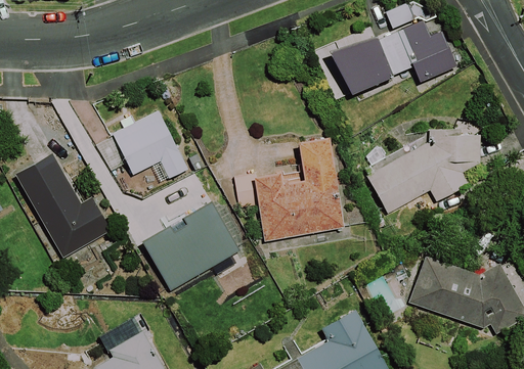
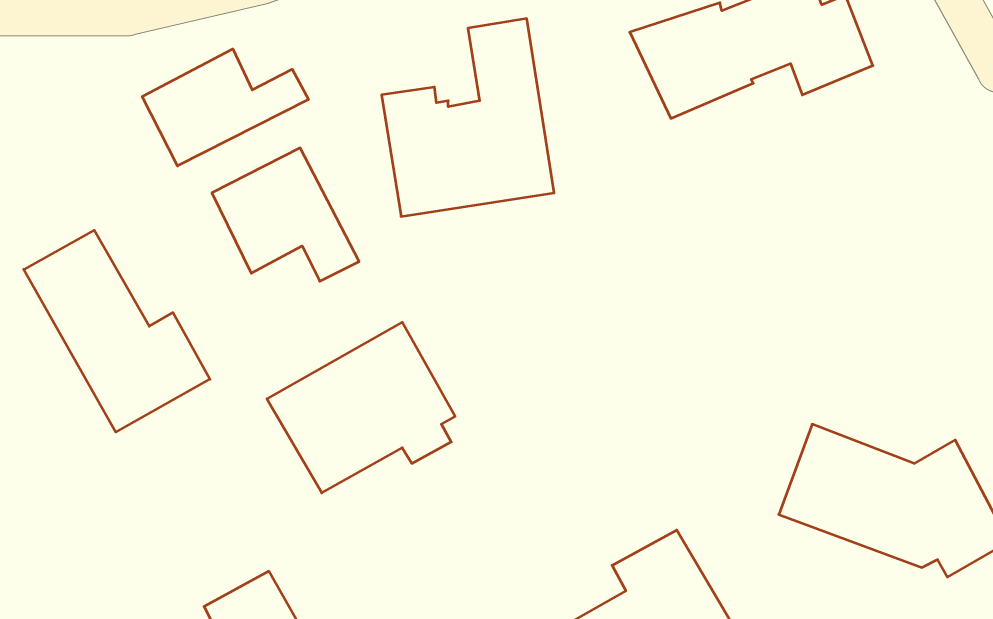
building: none -> [142,49,308,166]
building: [366,128,481,214] -> none
building: [254,136,344,239] -> [382,19,554,216]

